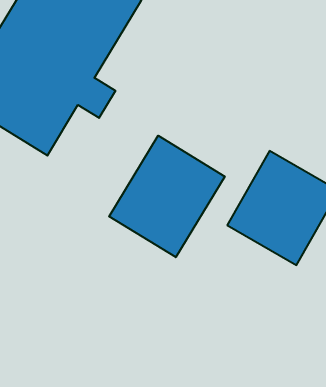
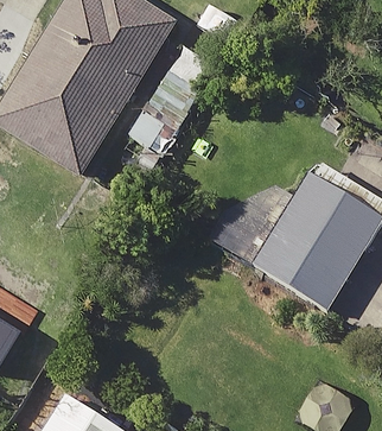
building: [109,136,225,257] -> none

